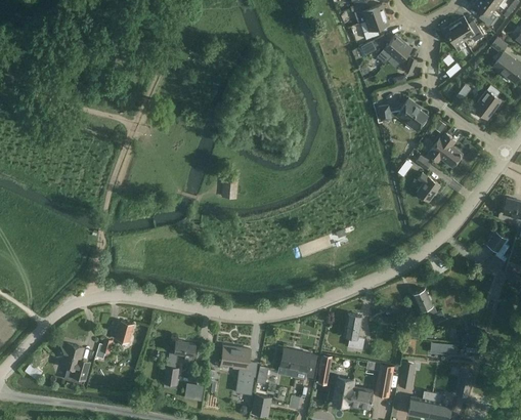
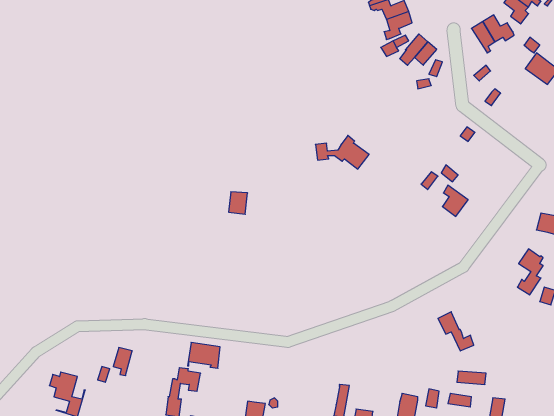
building: [473,85,502,120] -> none
building: [379,98,428,129] -> [315,135,369,169]
building: [428,134,462,167] -> none
building: [343,313,364,350] -> none
building: [220,346,250,370] -> [188,342,220,368]
building: [280,349,317,378] -> none

